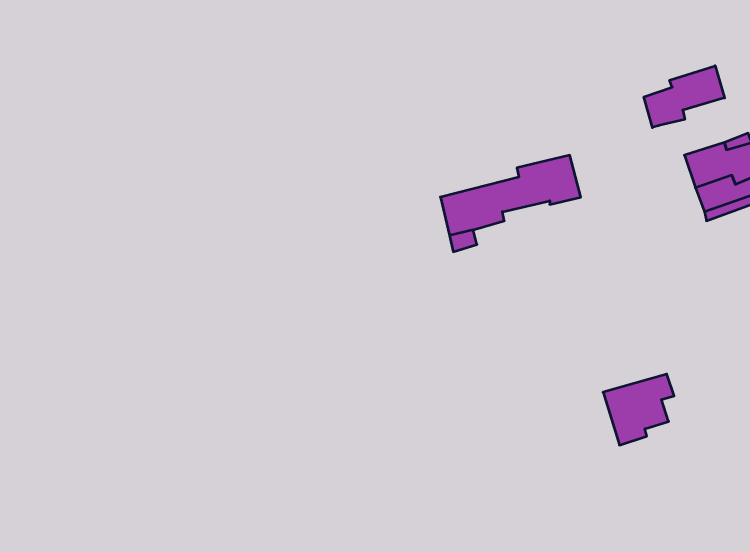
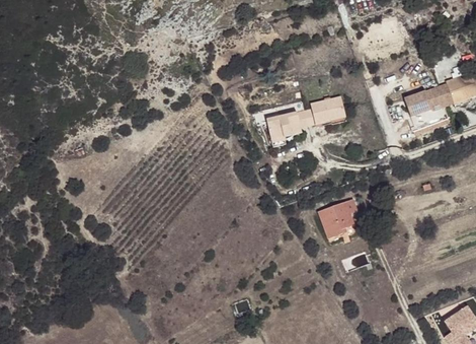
building: [644,66,725,128] -> none
building: [603,374,674,445] -> [318,195,358,234]

